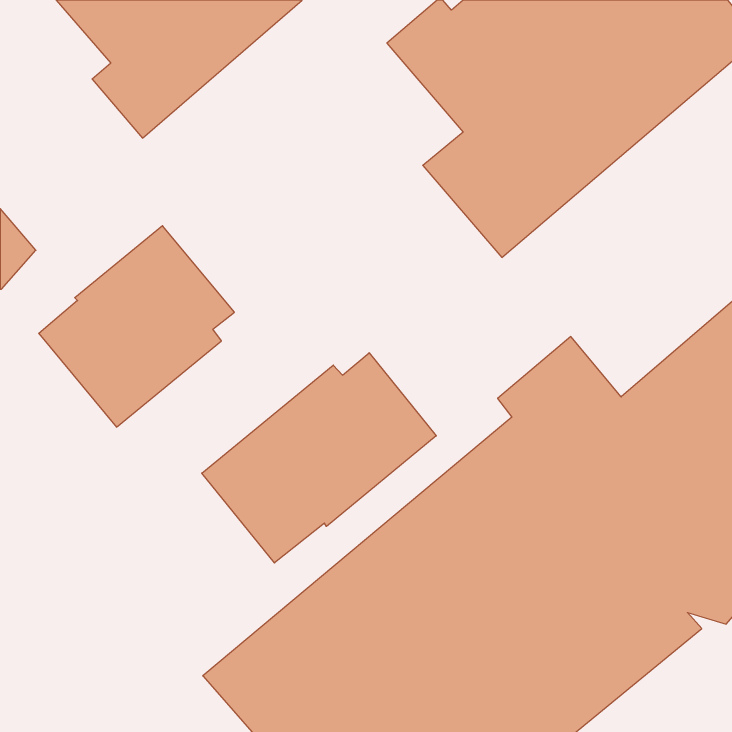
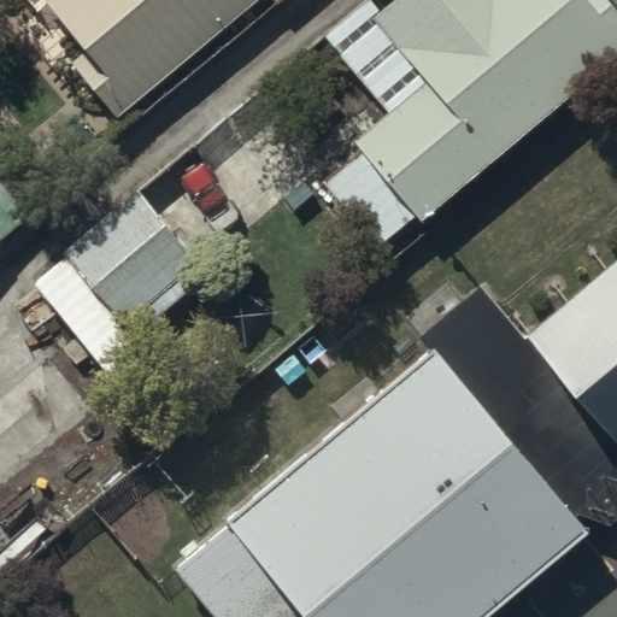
building: [202,353,436,563] -> none

